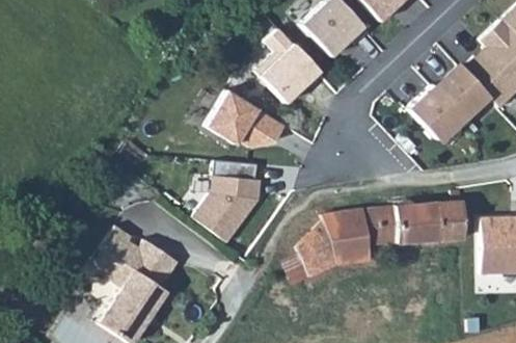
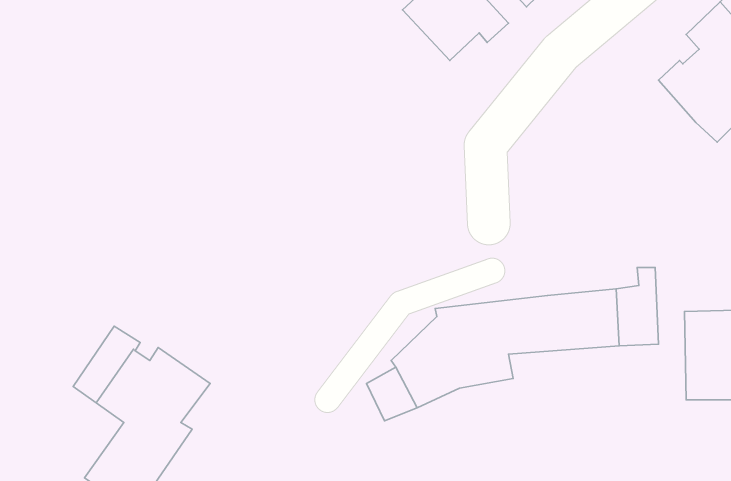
building: [253,29,323,105] -> none
building: [407,59,488,138] -> none
building: [206,90,286,148] -> none
building: [193,176,262,243] -> none

